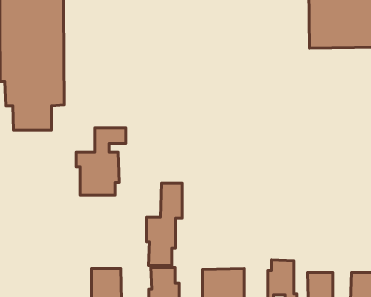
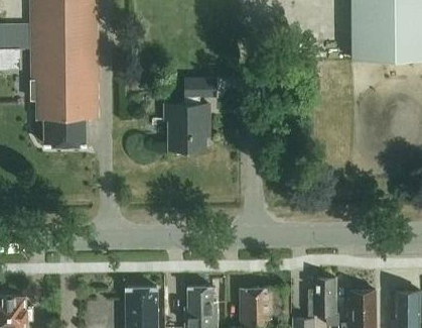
building: [76,128,126,195] -> [165,79,217,148]
building: [147,183,182,265] -> none

